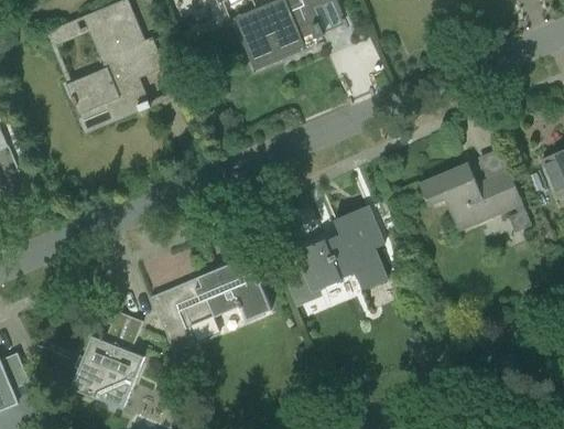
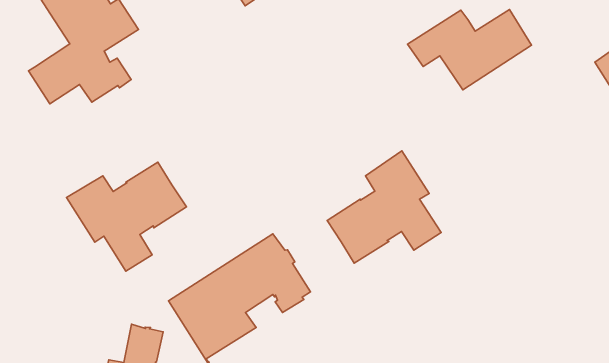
building: [417,164,521,232] -> [407,9,531,90]
building: none -> [66,162,186,271]

